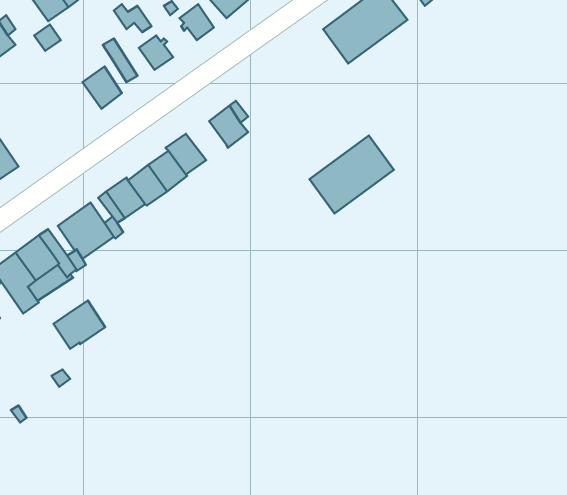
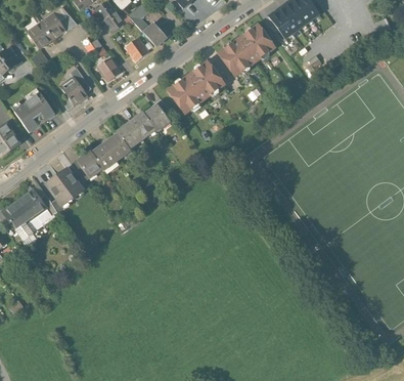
building: none -> [13,91,55,132]
building: none -> [129,112,155,139]
building: [310,135,394,213] -> [168,61,223,113]
building: [54,301,105,349] -> none

